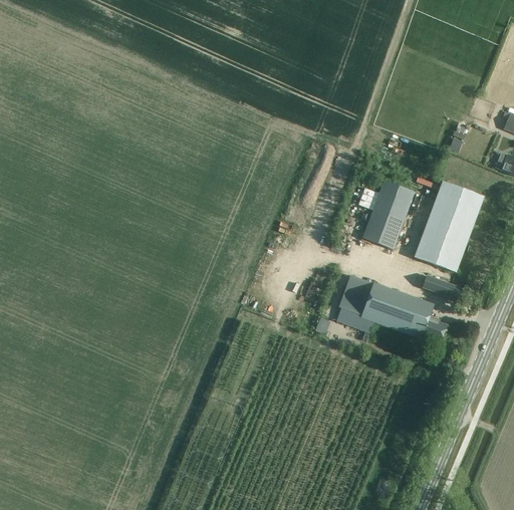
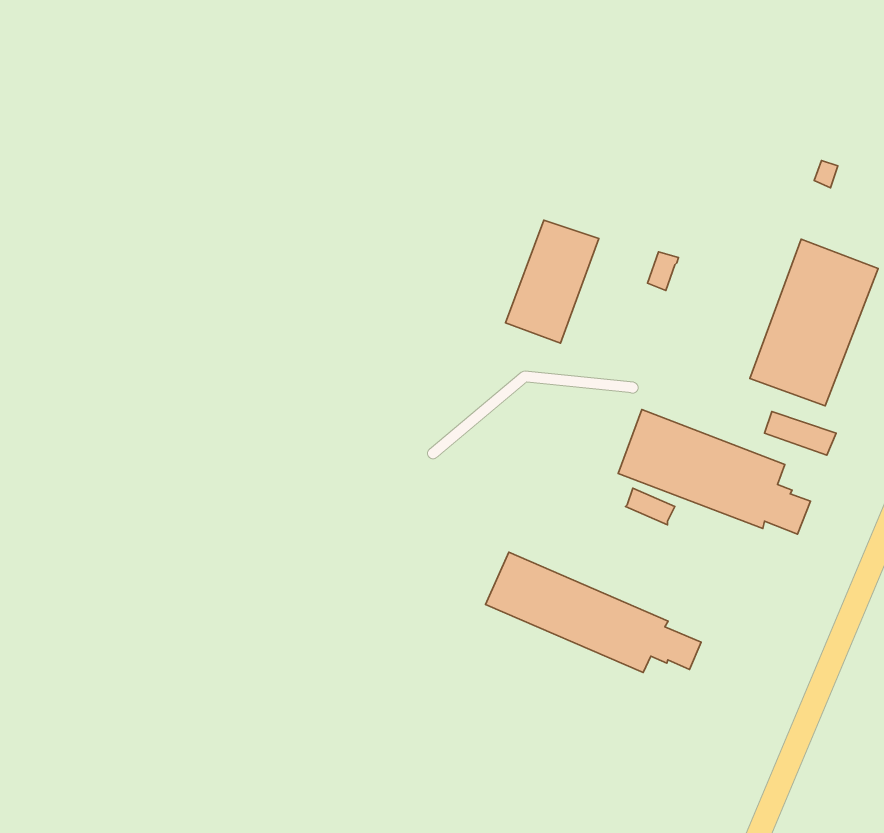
building: [361,181,413,248] -> [505,220,599,343]
building: none -> [486,552,701,672]

